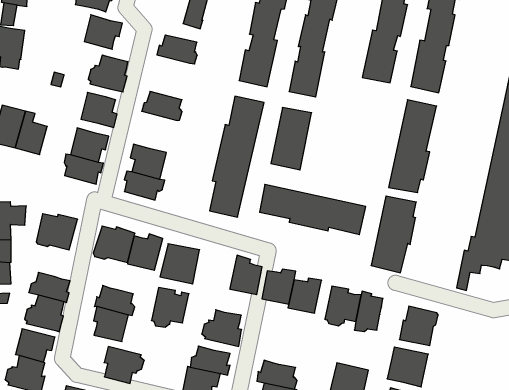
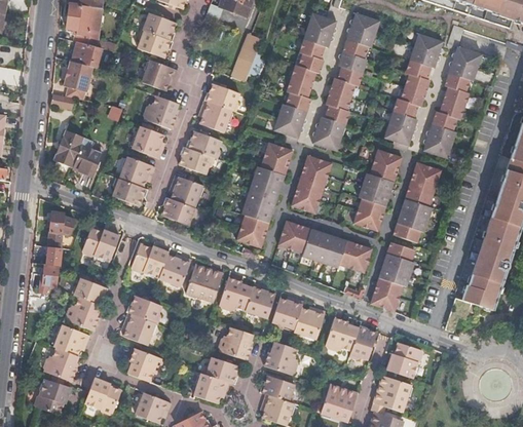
building: none -> [200,100,232,132]
building: none -> [352,151,402,232]
building: none -> [180,146,216,174]
building: [151,288,189,327] -> [219,275,254,310]
building: none -> [264,341,299,374]

